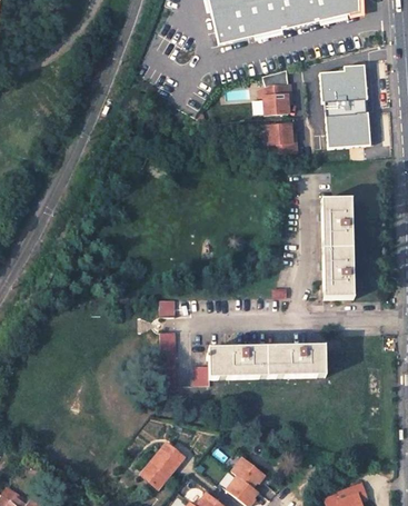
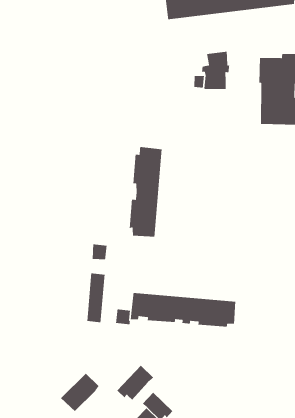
building: [267,125,298,156] -> none
building: [321,199,354,299] -> [129,146,162,238]
building: none -> [117,365,154,400]

